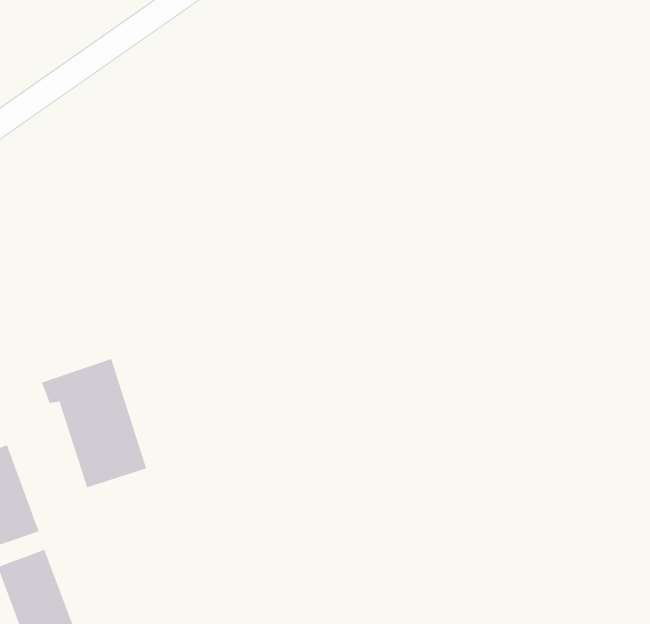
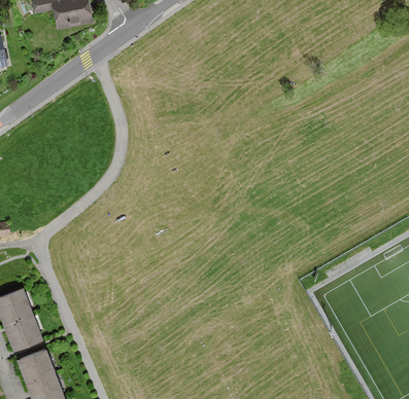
building: [41,358,147,488] -> none

